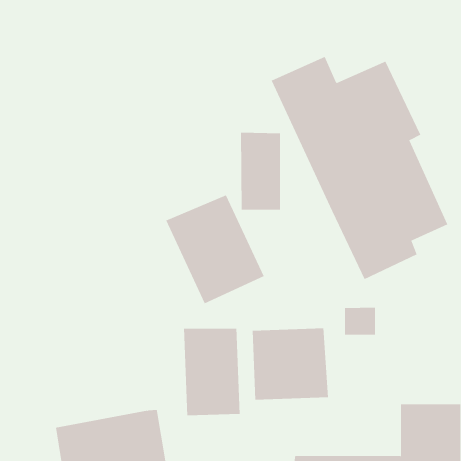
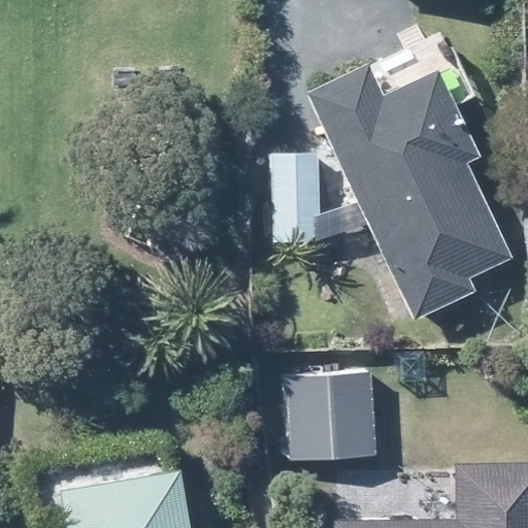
building: [165,194,264,304] -> none
building: [183,328,240,416] -> none

